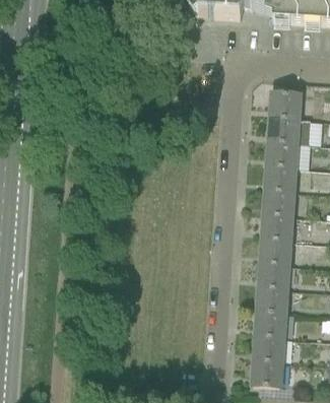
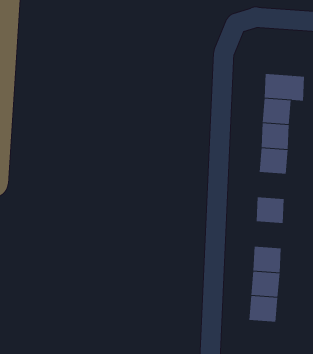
building: [270,88,300,115] -> none
building: [262,210,291,237] -> none
building: [259,259,288,285] -> none
building: [253,356,281,384] -> none

